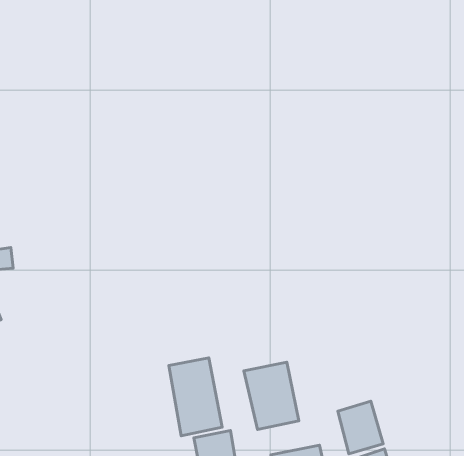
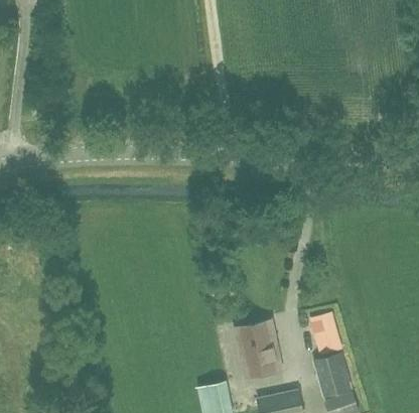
building: none -> [311,312,340,353]
building: [169,358,222,436] -> none

